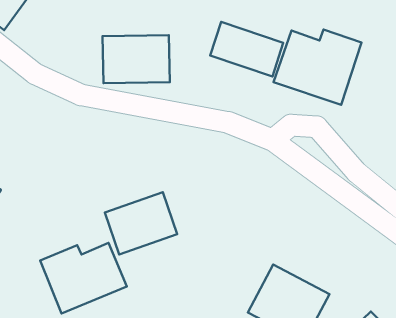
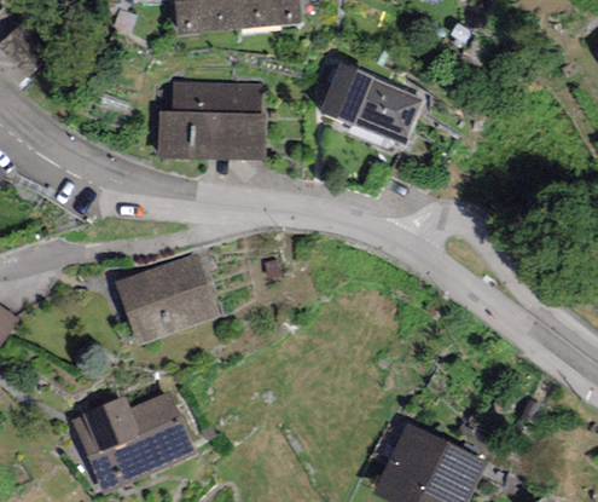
building: [274,30,362,105] -> none
building: [105,192,177,254] -> [116,252,220,341]

